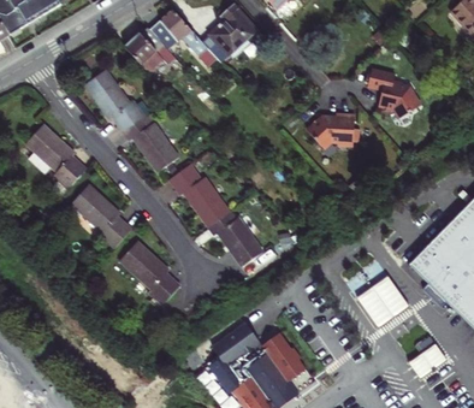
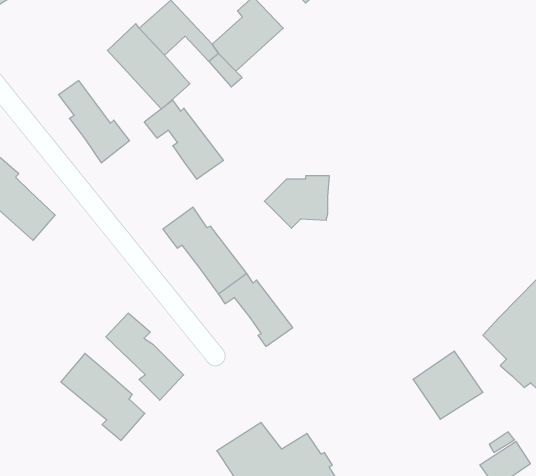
building: [368,64,422,114] -> none
building: [306,110,355,149] -> [264,176,329,228]
building: [120,113,180,173] -> [144,100,223,179]
building: [70,183,134,249] -> [61,353,145,440]

